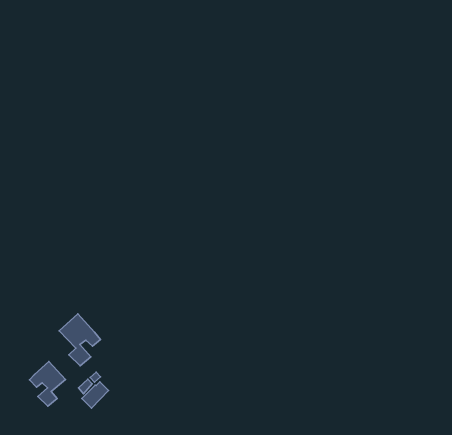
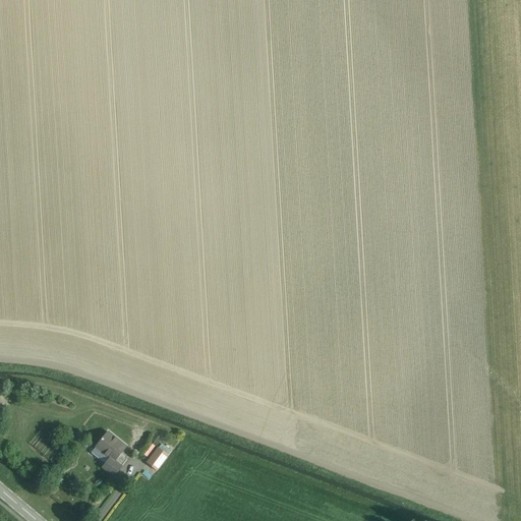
building: [59,314,100,366] -> none

